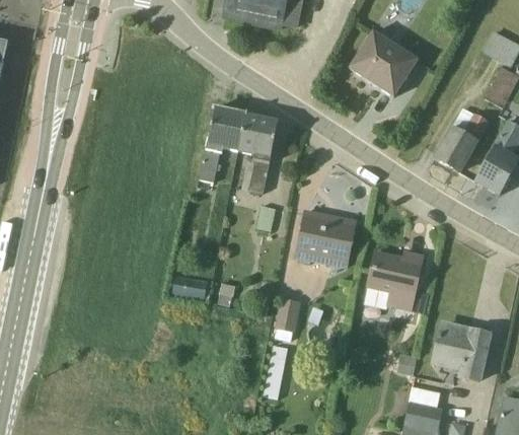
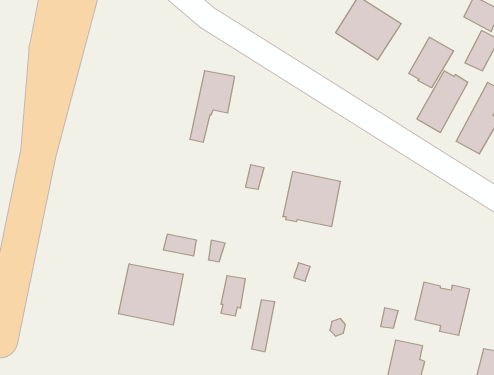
building: none -> [409,37,454,88]
building: [239,113,279,192] -> none
building: [365,251,429,313] -> none
building: [276,297,301,339] -> [221,276,245,316]
building: none -> [119,264,183,325]

